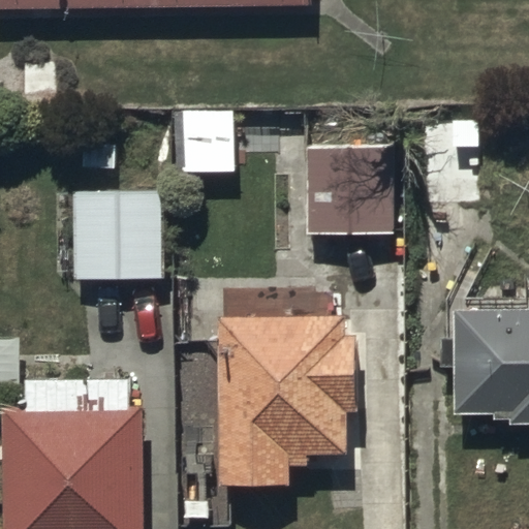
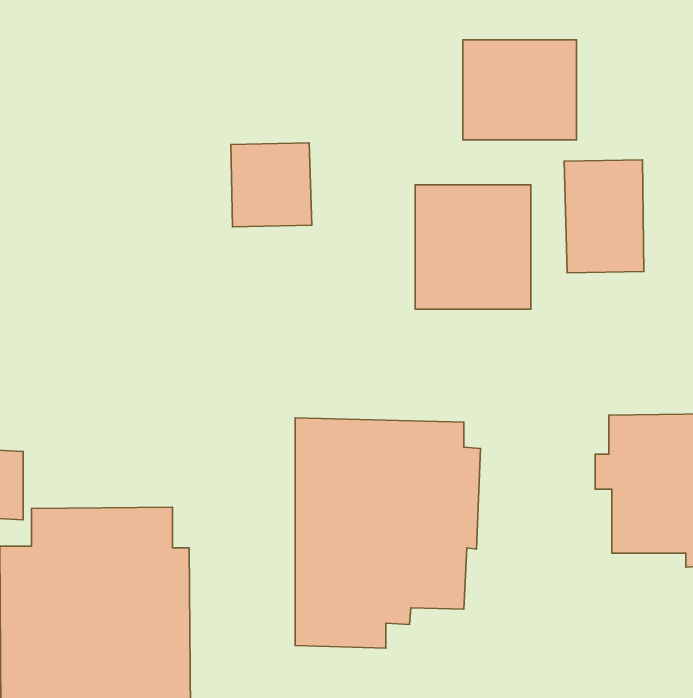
building: none -> [463,40,576,140]
building: [72,194,160,278] -> none

